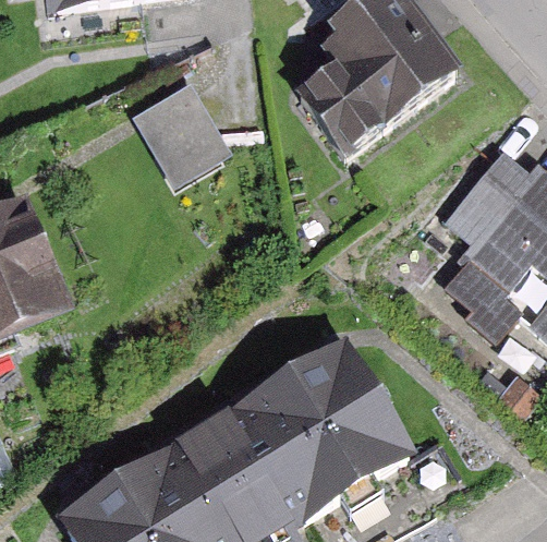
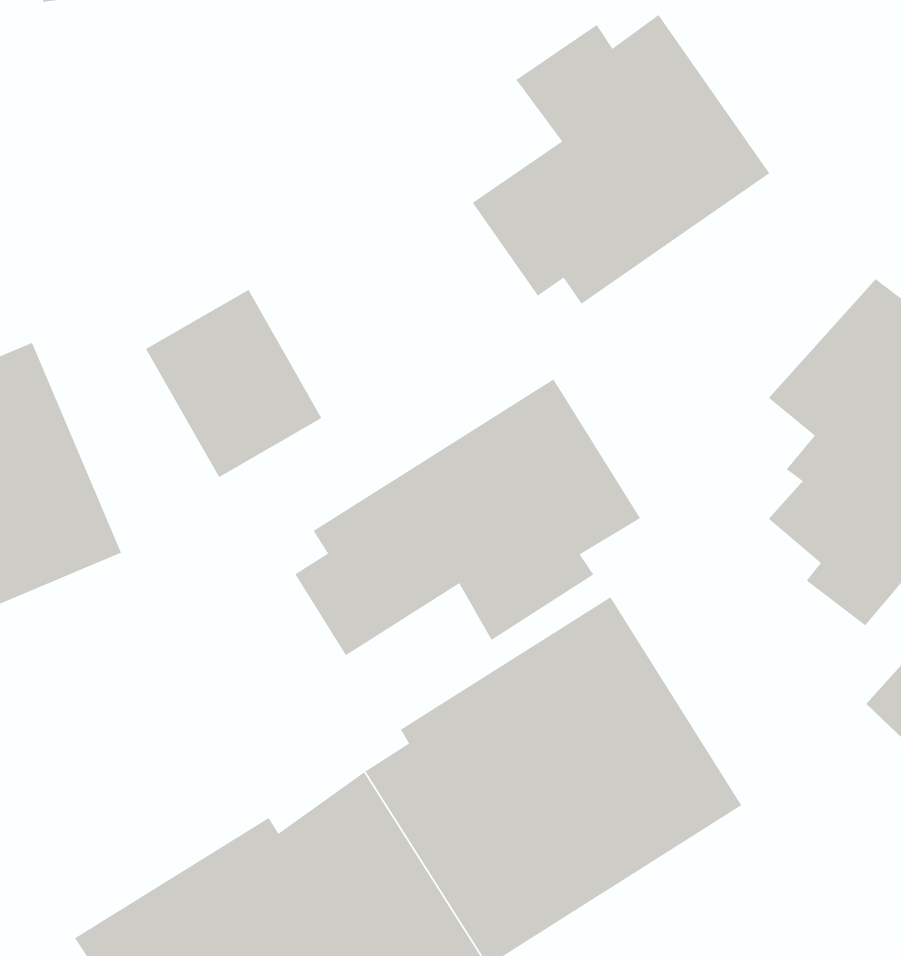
building: [137,79,234,182] -> [145,289,322,478]
building: none -> [294,379,641,656]

